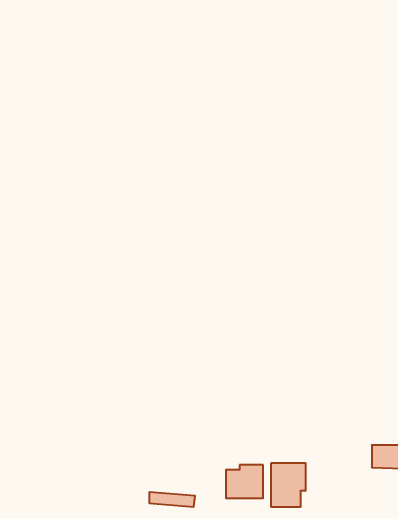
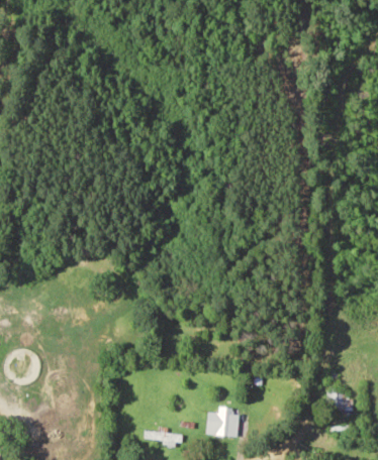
building: [271,463,305,507] -> none

